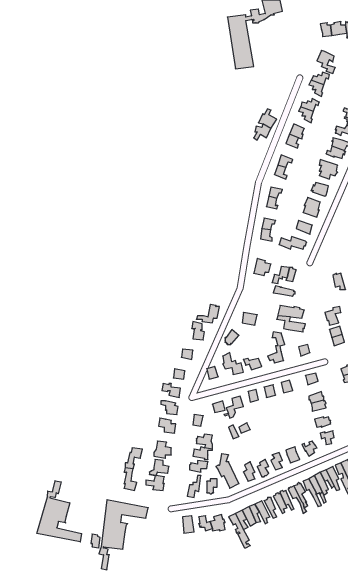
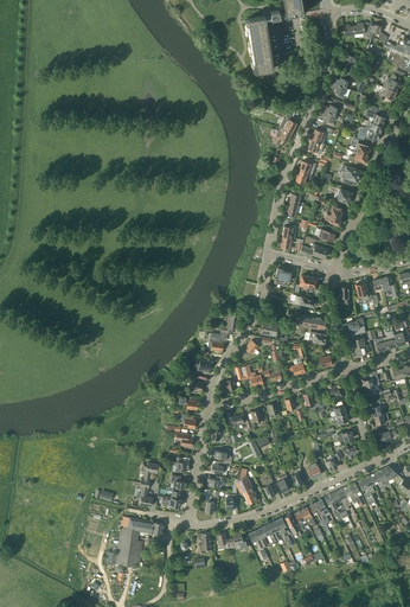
building: [37,481,82,542] -> none

